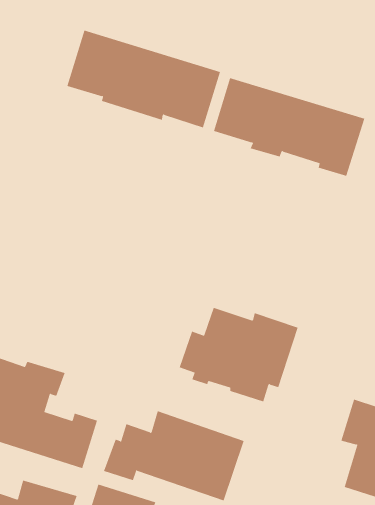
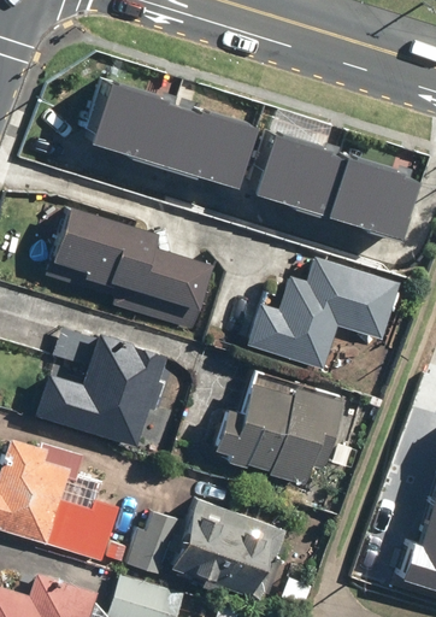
building: none -> [49,218,216,322]
building: none -> [244,269,400,371]
building: none -> [35,329,166,449]

